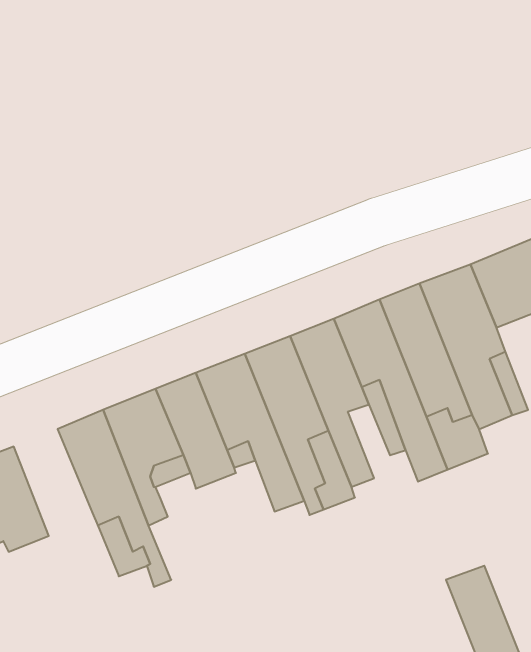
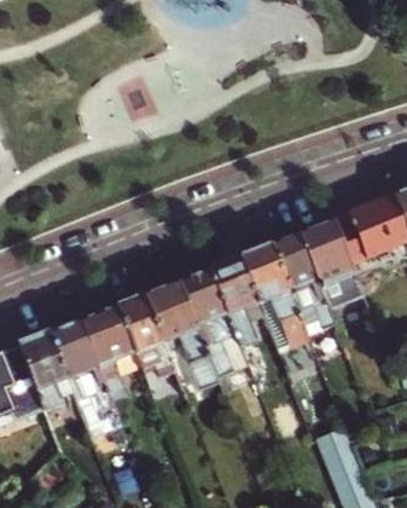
building: none -> [17,333,71,410]

